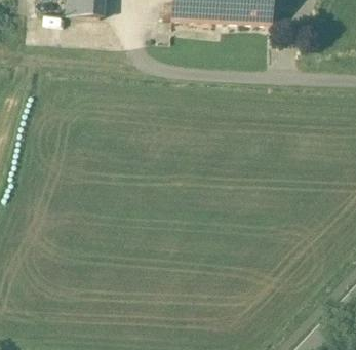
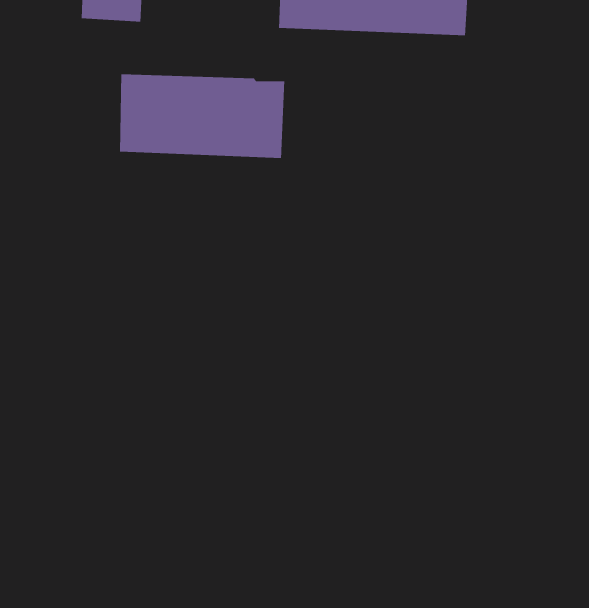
building: none -> [119,74,285,159]

